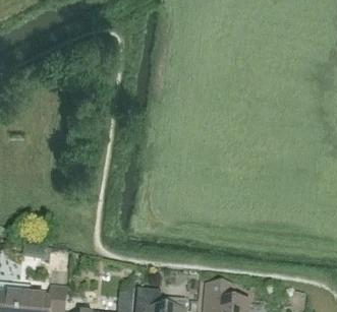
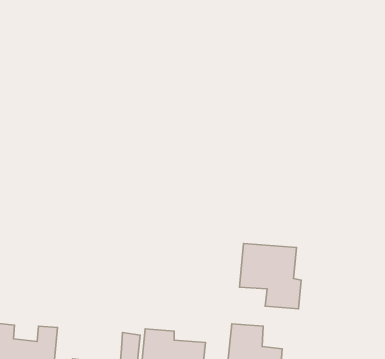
building: none -> [239,243,301,309]

